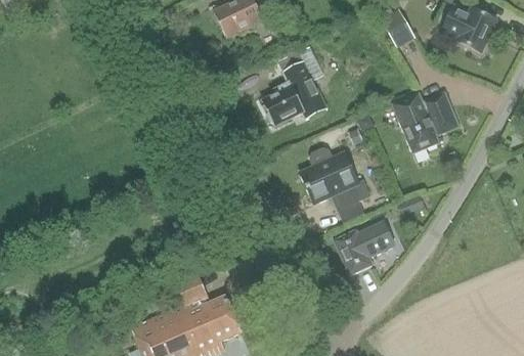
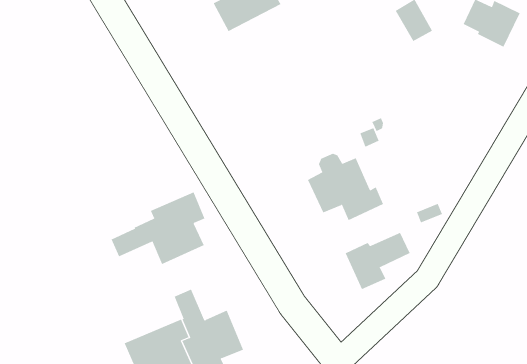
building: [263,44,329,125] -> none
building: [392,92,458,153] -> none
building: none -> [111,192,205,265]

